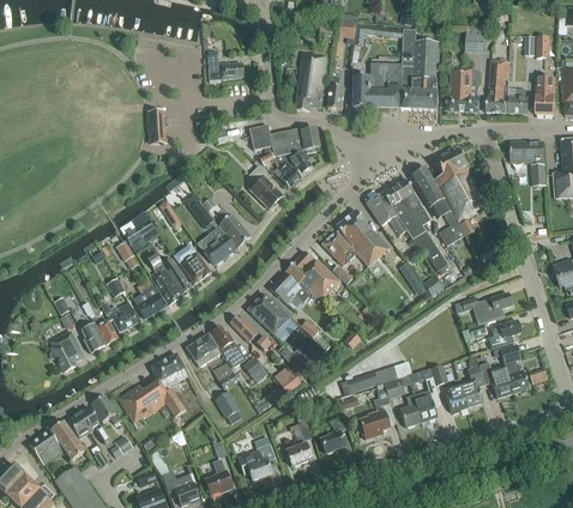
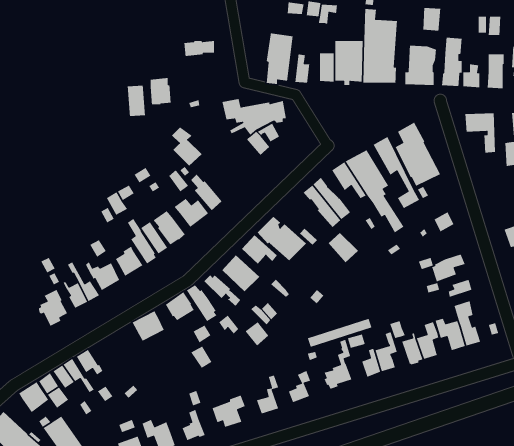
building: none -> [150,77,171,105]
building: [249,164,283,207] -> [171,126,202,166]
building: [322,231,356,265] -> [328,232,359,263]
building: [117,380,185,422] -> none

